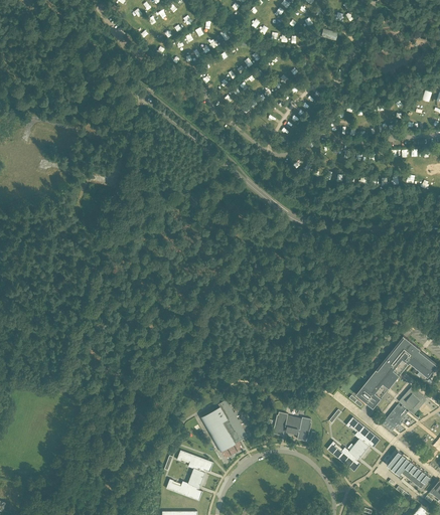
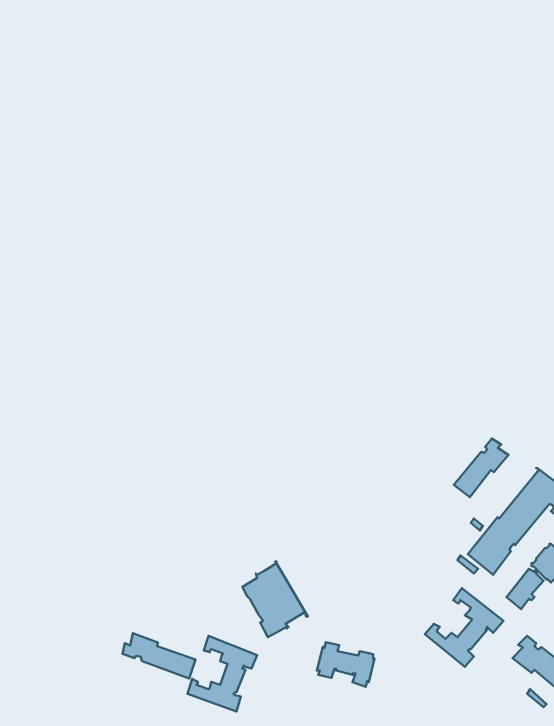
building: none -> [454,439,508,497]
building: [272,411,311,442] -> [317,642,375,687]
building: none -> [123,633,195,678]

